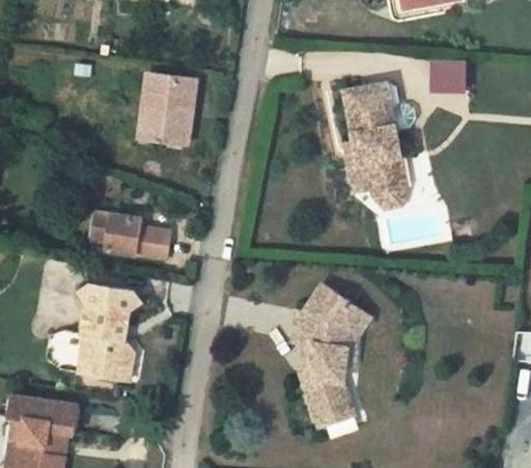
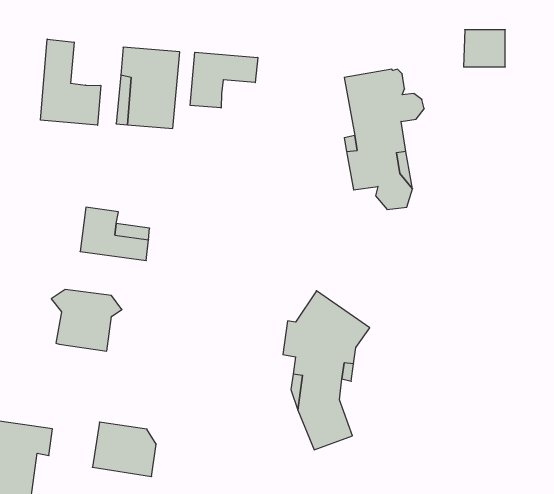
building: none -> [41,39,101,125]
building: none -> [190,52,258,108]
building: [75,332,132,381] -> [92,422,156,477]

